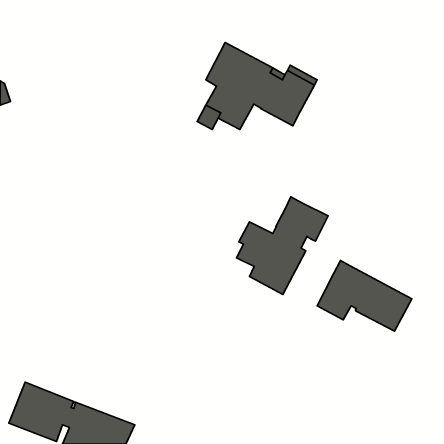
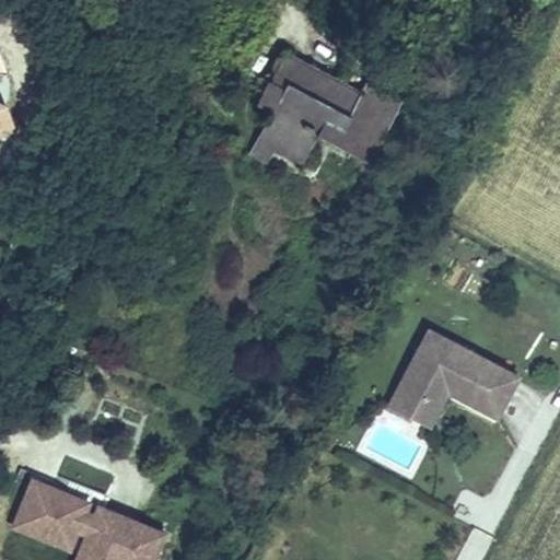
building: [237,197,328,295] -> none
building: none -> [389,385,448,424]

